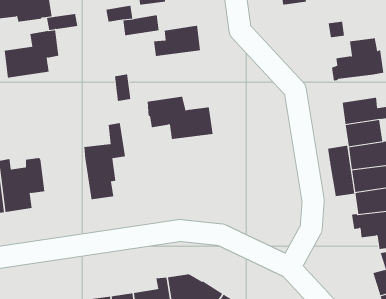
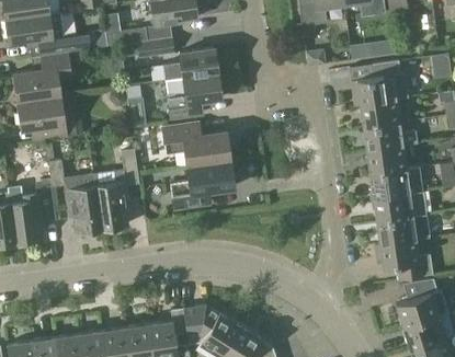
building: none -> [167,73,223,118]
building: none -> [18,95,78,138]
building: none -> [361,99,400,127]
building: none -> [48,159,104,232]
building: none -> [171,160,235,210]
building: [328,145,355,197] -> none

